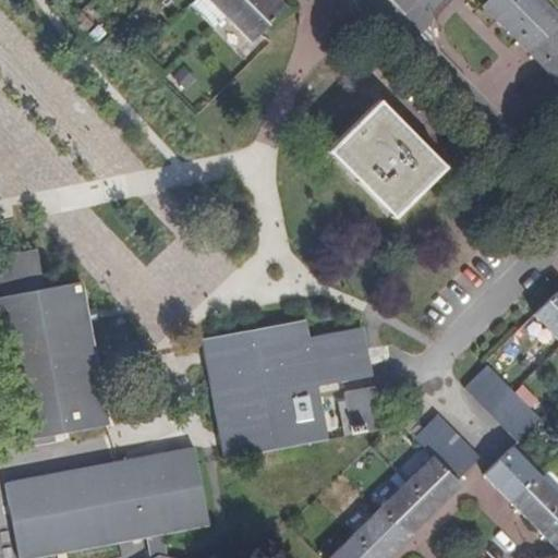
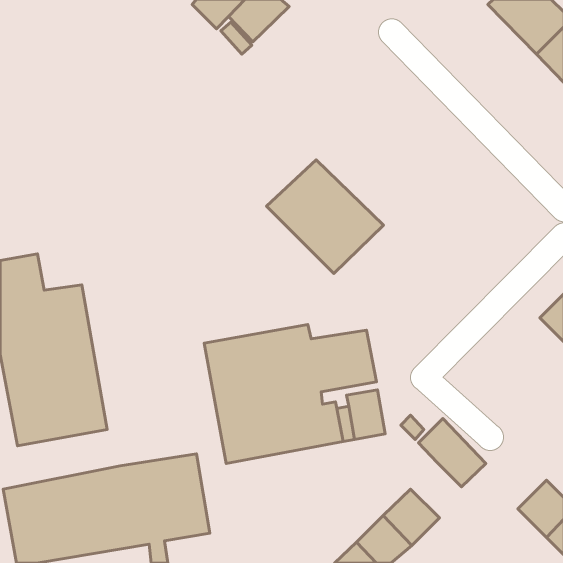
building: [330,104,446,216] -> [267,160,384,274]
building: [464,364,541,440] -> none
building: [484,446,541,502] -> none
building: [407,457,461,511] -> none

